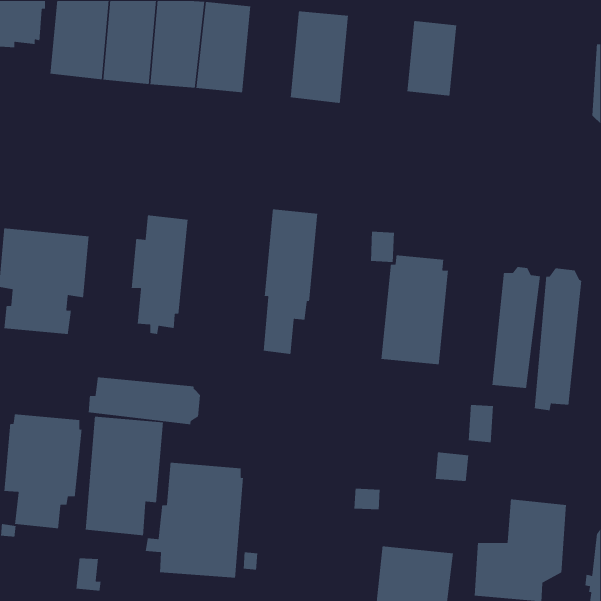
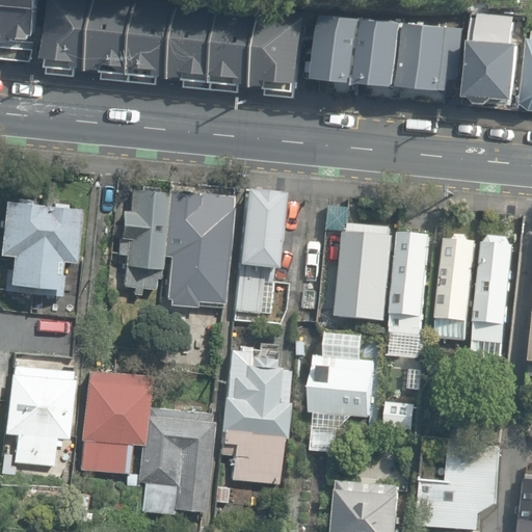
building: none -> [214,6,263,87]
building: none -> [317,15,365,82]
building: none -> [399,24,463,91]
building: none -> [467,41,520,104]
building: none -> [162,191,233,308]
building: none -> [390,235,429,338]
building: [88,376,201,425] -> none
building: none -> [218,348,288,484]
building: none -> [310,357,374,420]

